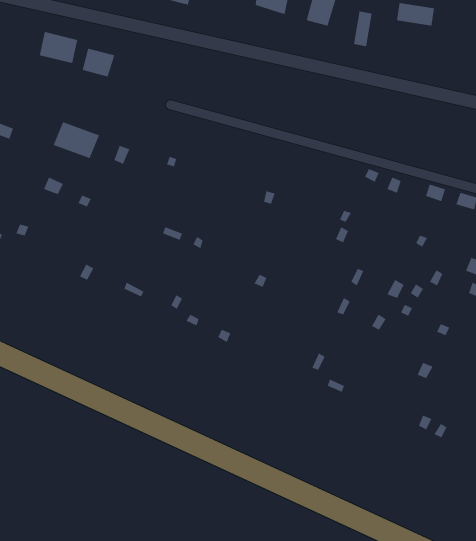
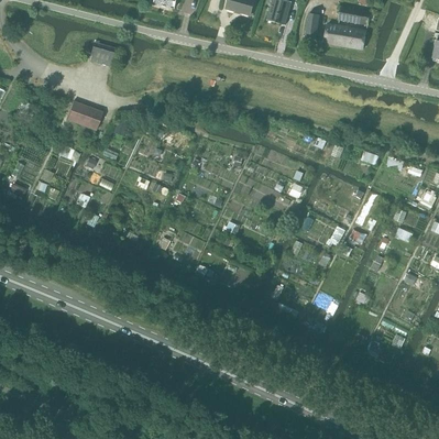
building: none -> [325,24,366,50]
building: [39,31,78,64] -> none

